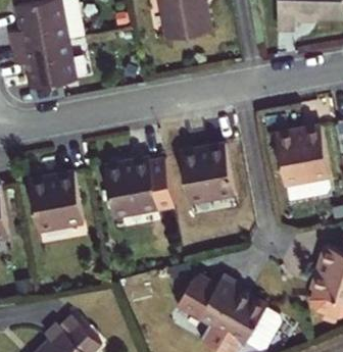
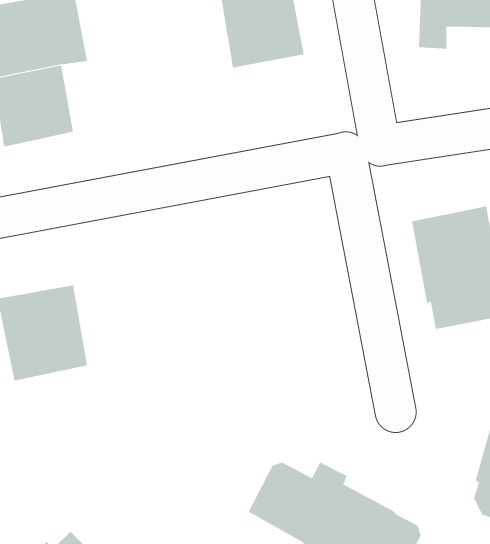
building: [178,142,232,199] -> none
building: [102,156,173,213] -> none

